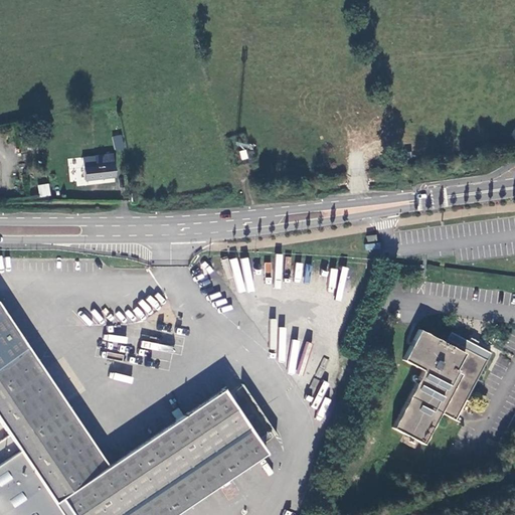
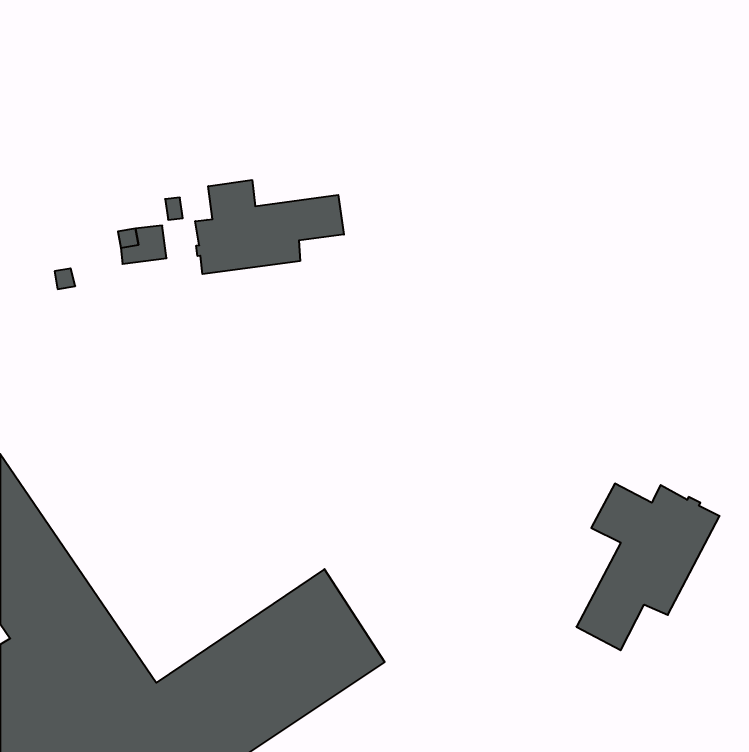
building: none -> [195,180,344,274]

